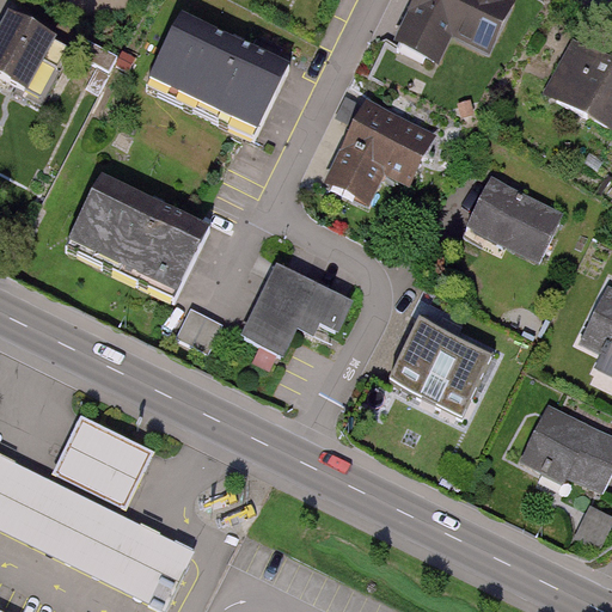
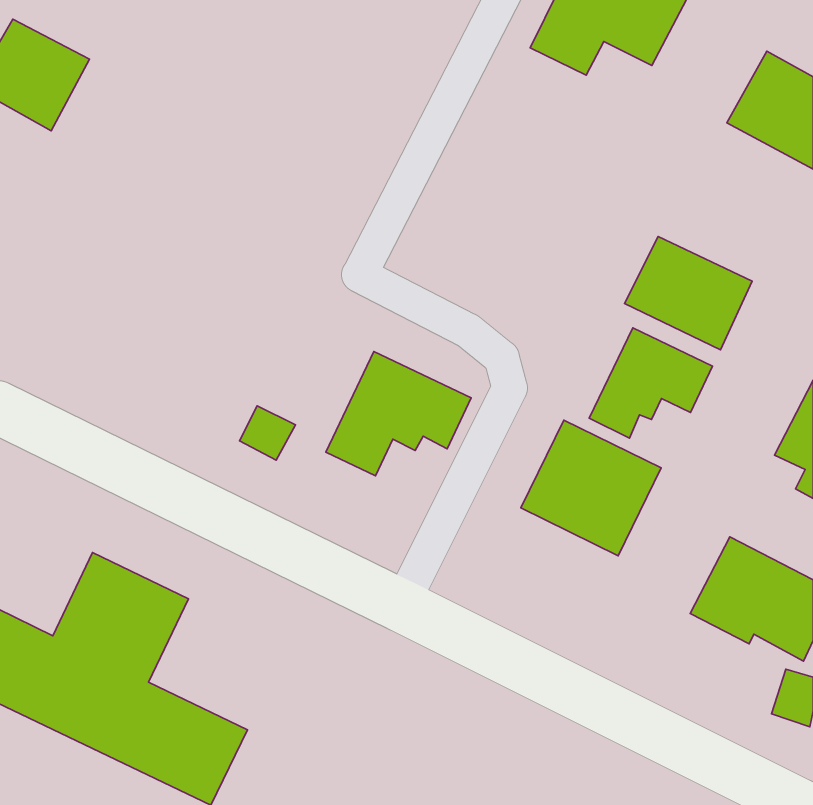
building: [148,14,288,134] -> none
building: [328,100,435,201] -> none
building: [69,176,208,292] -> none
building: none -> [589,328,713,438]

